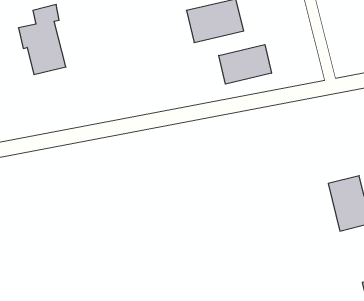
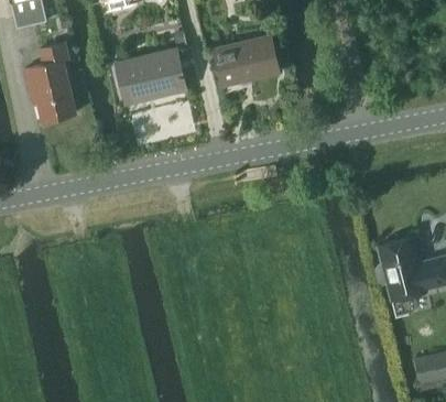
building: none -> [113,48,184,96]
building: [219,45,271,84] -> none

